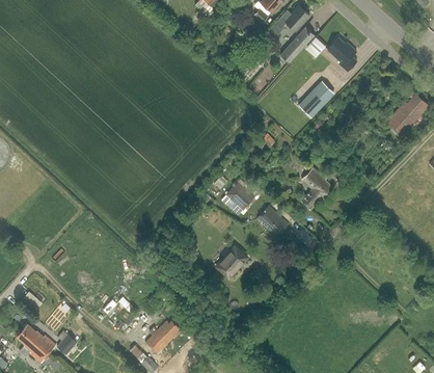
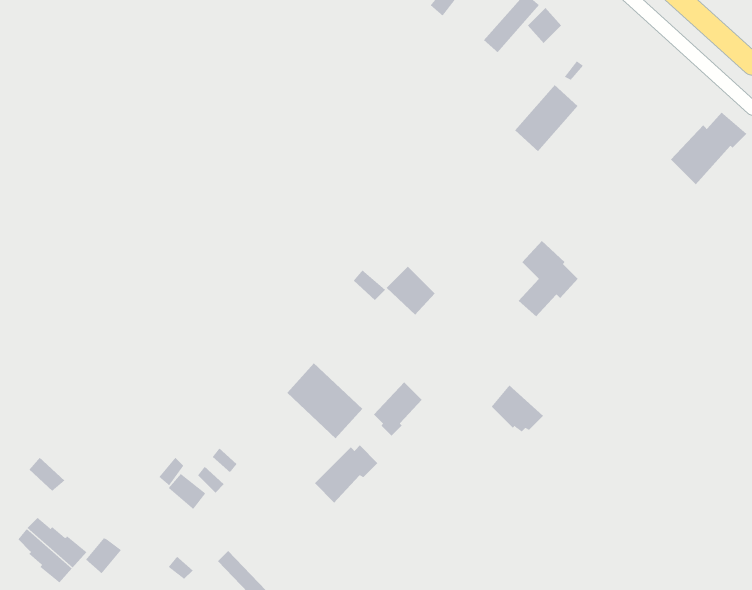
building: [326,37,356,72] -> none
building: [256,207,287,234] -> [491,385,544,432]
building: none -> [286,362,363,439]
building: [145,320,182,353] -> [314,445,378,503]

